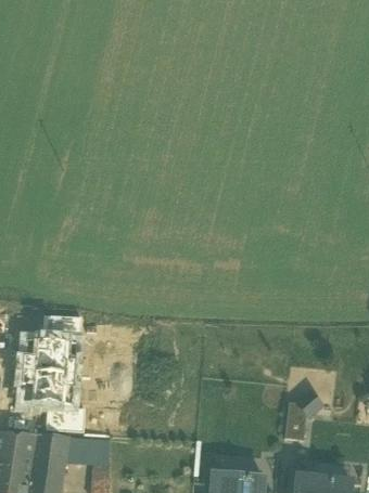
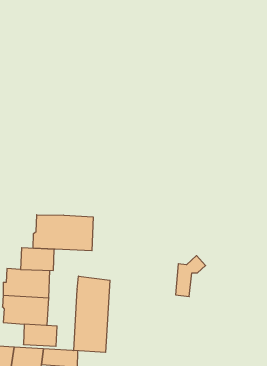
building: none -> [33,215,93,251]
building: none -> [74,276,110,352]
building: [285,390,321,439] -> [176,256,206,297]

